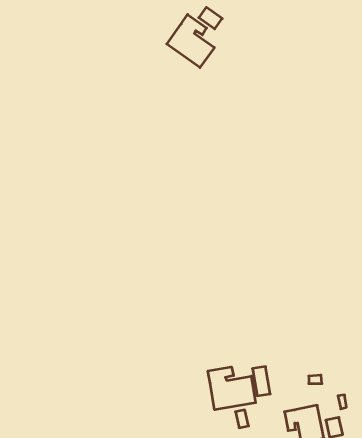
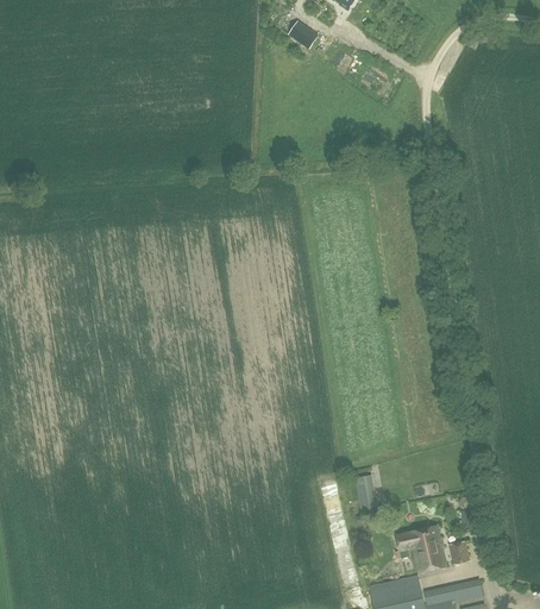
building: [167,14,214,68] -> none
building: [208,367,256,410] -> none

